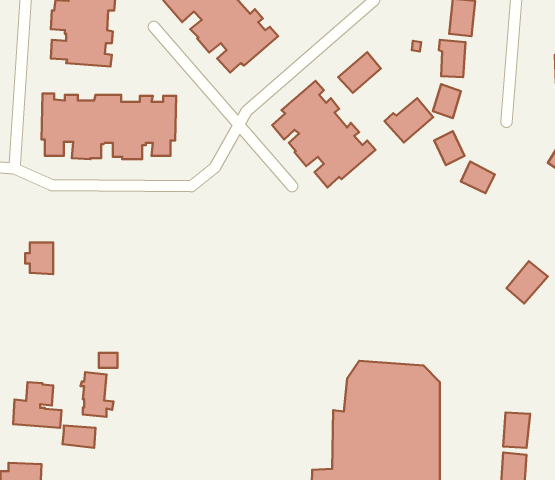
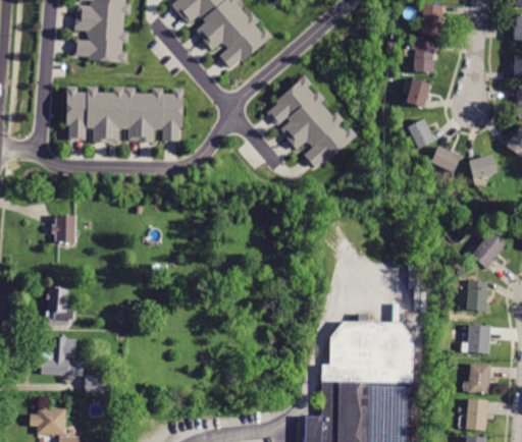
building: [338,52,381,93] -> none
building: [385,98,433,142] -> none
building: none -> [469,155,497,179]
building: none -> [466,280,486,312]
building: none -> [466,325,490,354]
building: [81,372,113,417] -> [45,287,73,326]

